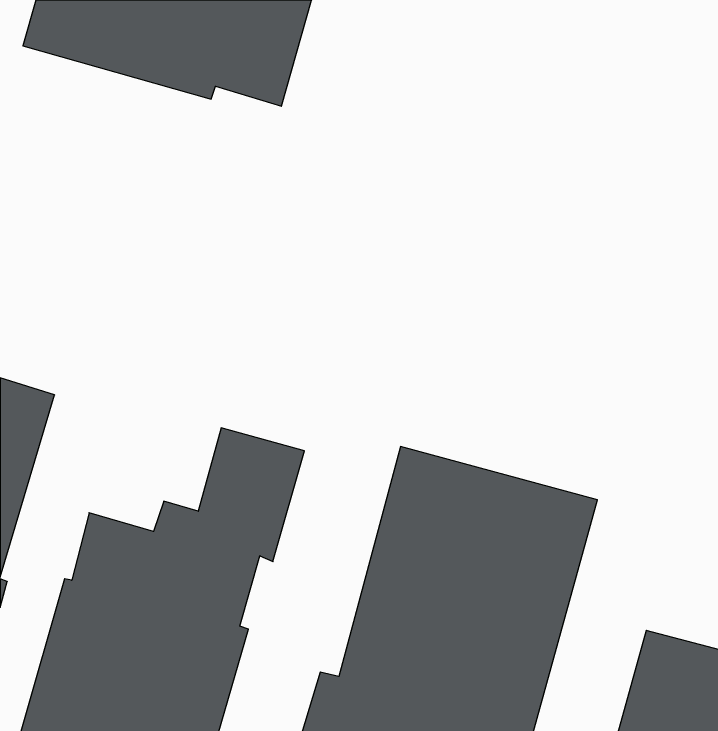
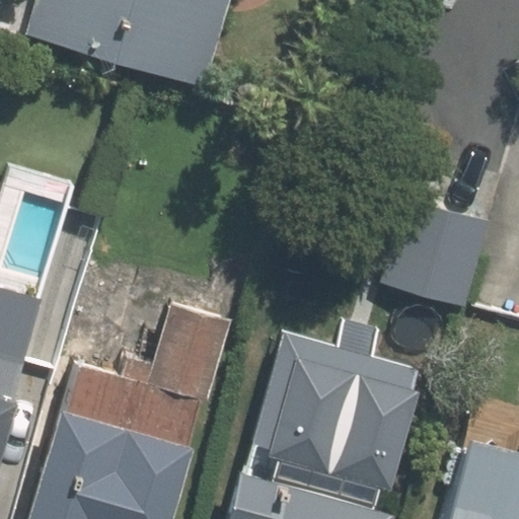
building: none -> [379,198,488,317]

